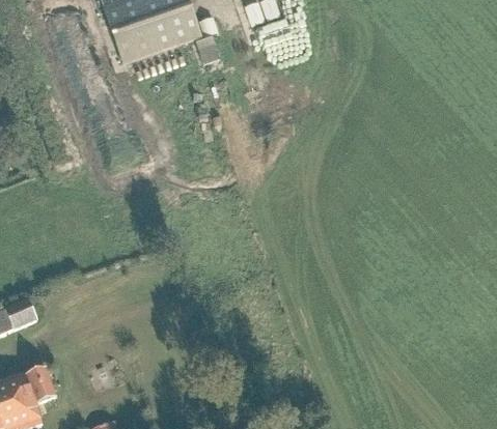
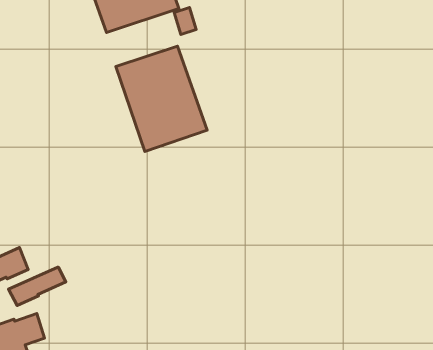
building: none -> [116,46,207,151]
building: none -> [9,267,66,306]

